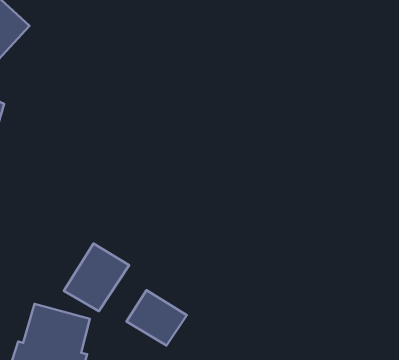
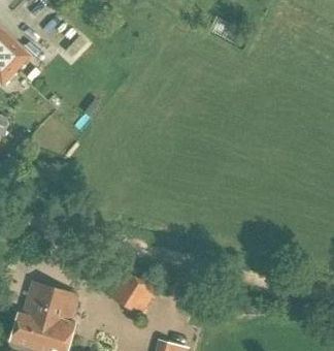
building: [64,243,129,311] -> none

